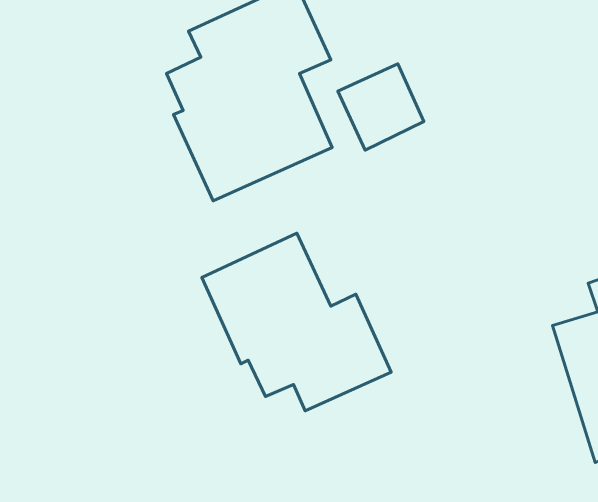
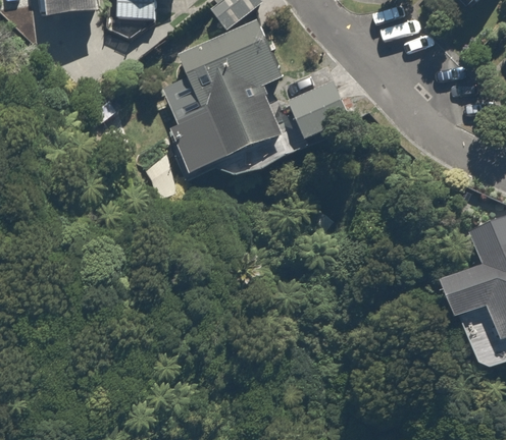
building: [202,233,391,411] -> none

